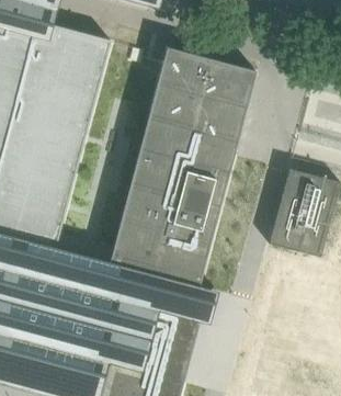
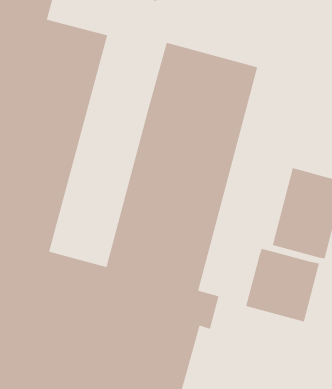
building: none -> [245,248,320,322]

